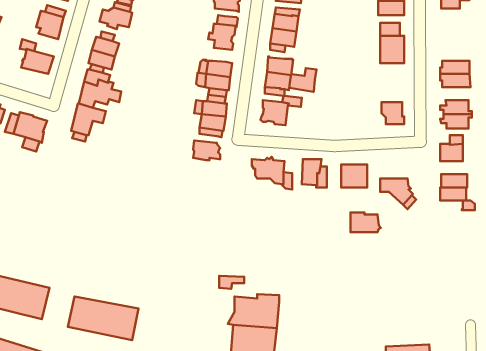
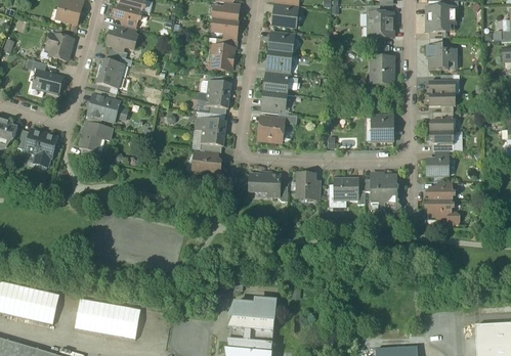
building: none -> [425,43,455,68]
building: [289,68,317,92] -> none
building: [350,212,381,232] -> [370,172,398,190]

